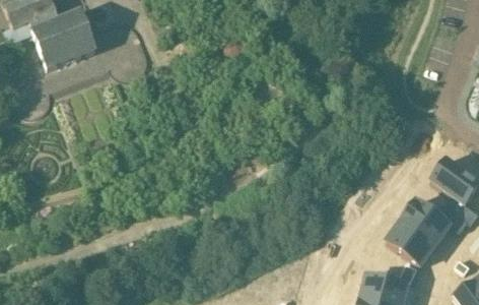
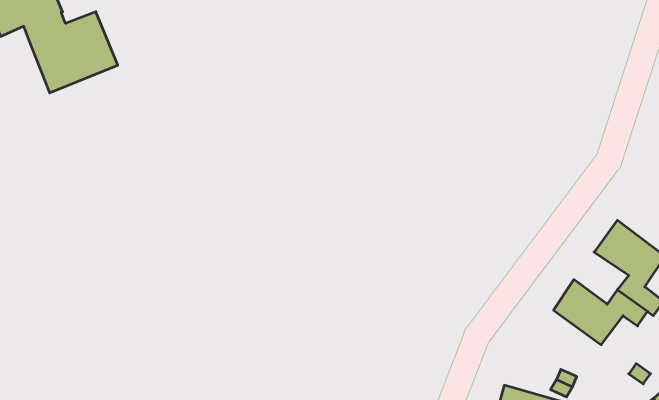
building: [386,219,434,263] -> none

